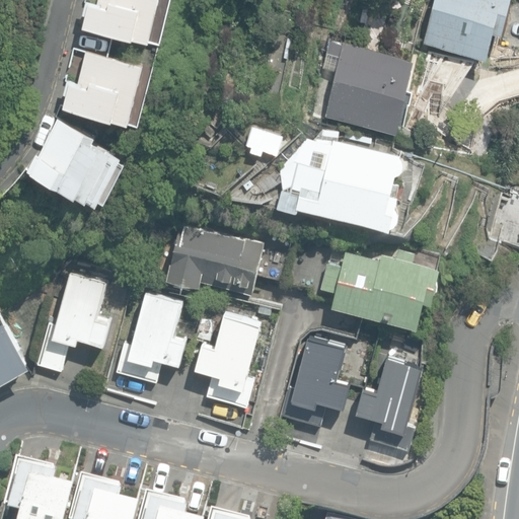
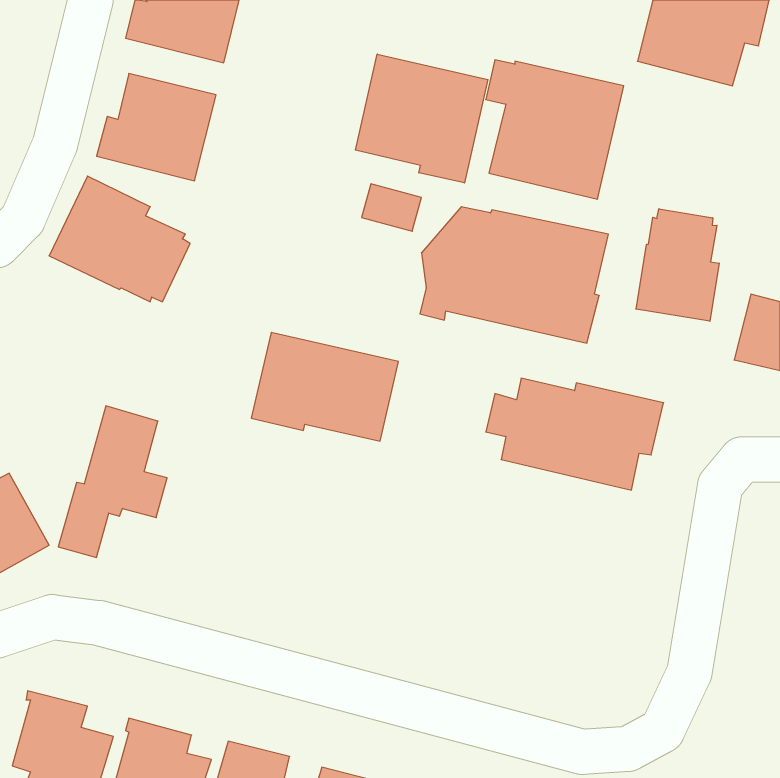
building: none -> [355,54,488,183]
building: none -> [636,209,719,321]
building: [117,291,187,383] -> none
building: [193,312,258,407] -> none
building: [282,337,351,426] -> none
building: [356,353,422,451] -> none

